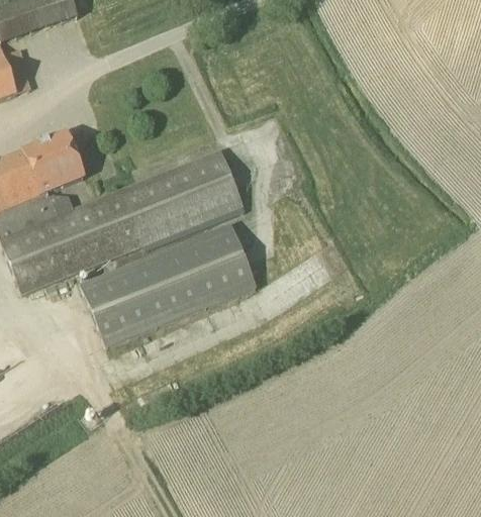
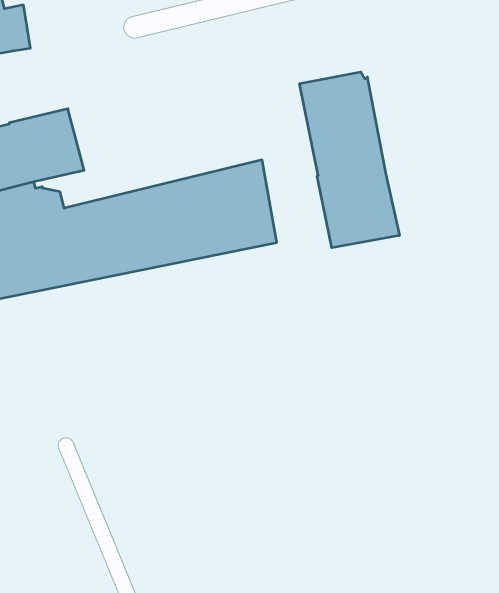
building: none -> [300,72,399,248]
building: [82,221,258,346] -> none

